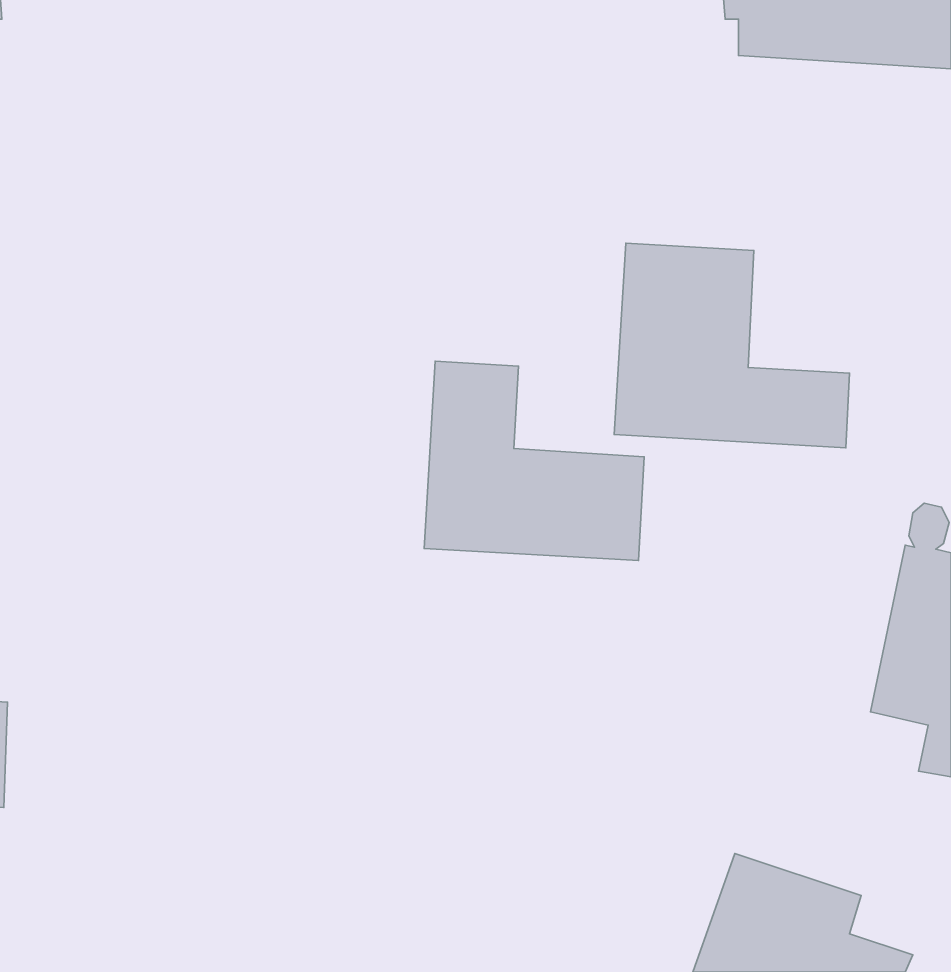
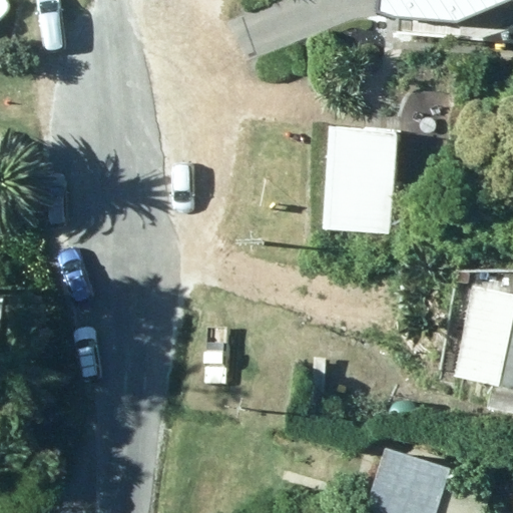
building: [424,361,644,560] -> none

